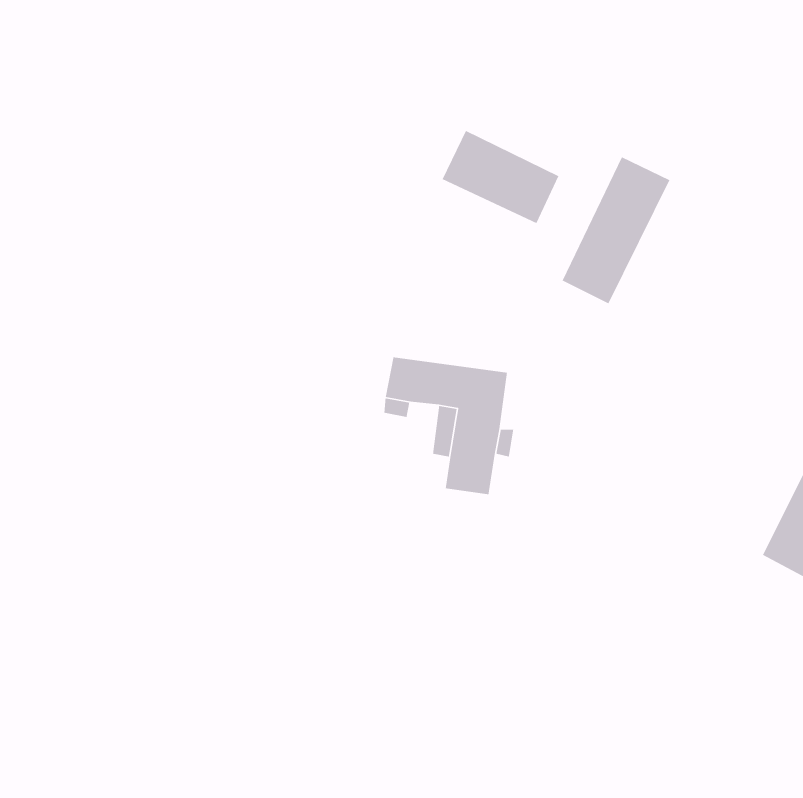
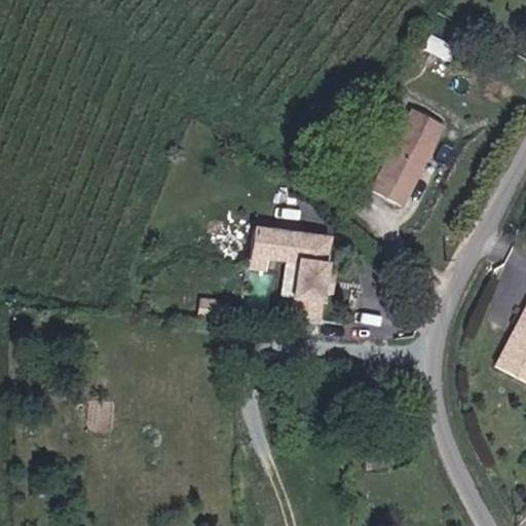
building: [442,130,560,224] -> none

